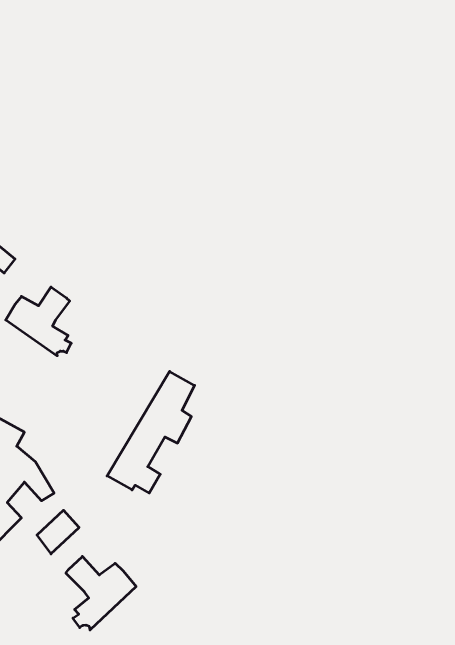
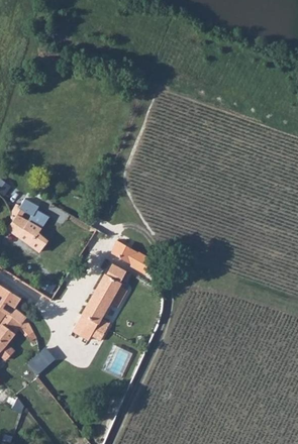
building: none -> [112,240,153,271]
building: [66,556,136,630] -> none

